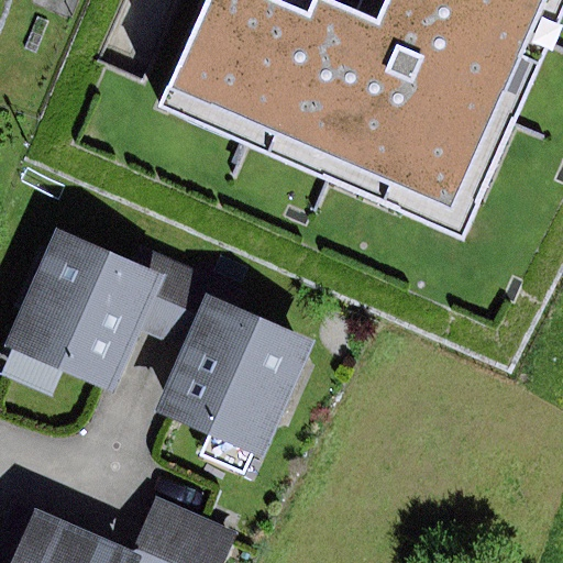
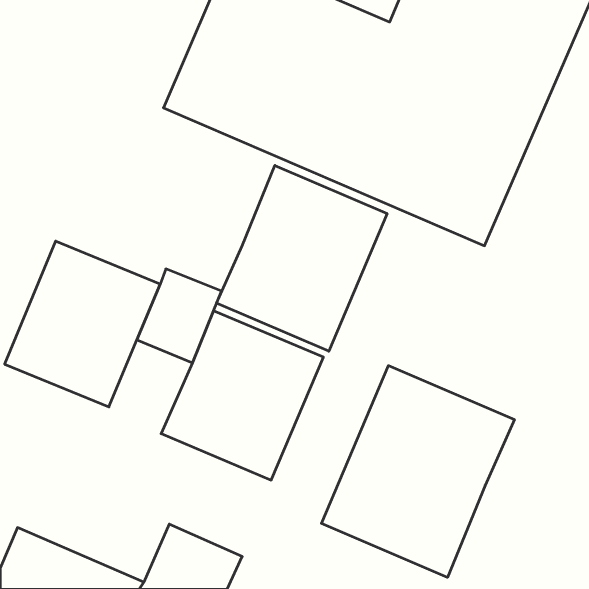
building: none -> [216,165,387,351]
building: none -> [321,366,514,577]

